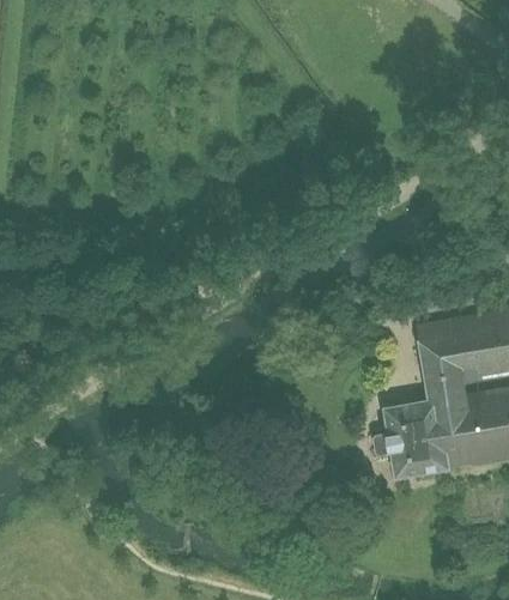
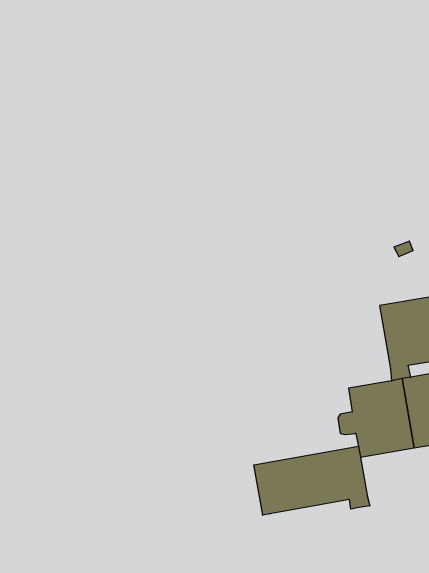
building: none -> [254,446,370,515]

